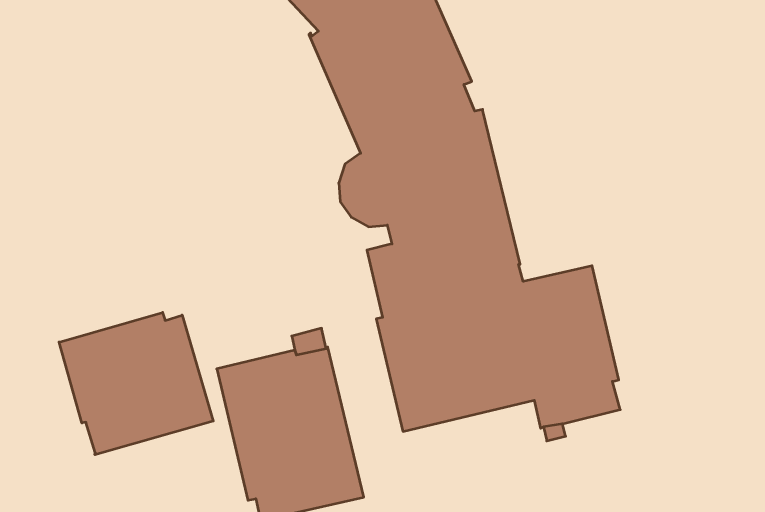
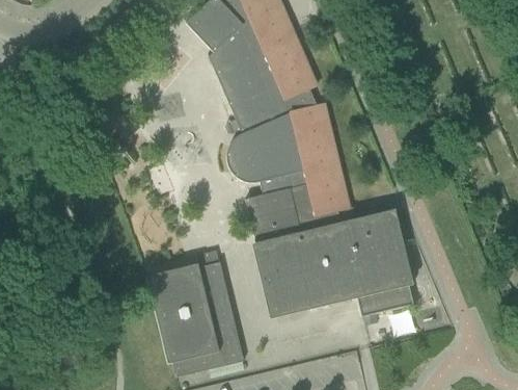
building: [59,312,213,455] -> none

